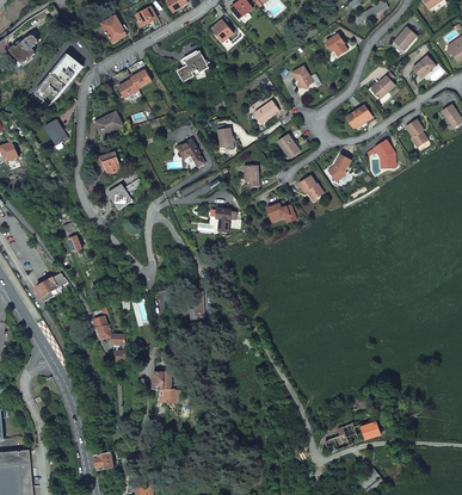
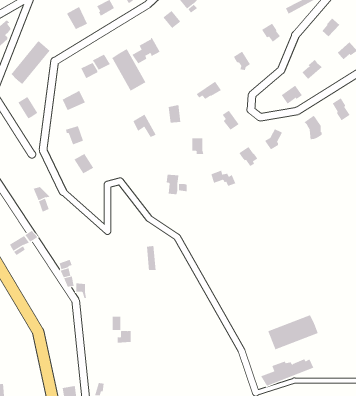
building: none -> [111,48,146,91]
building: none -> [268,314,319,350]

